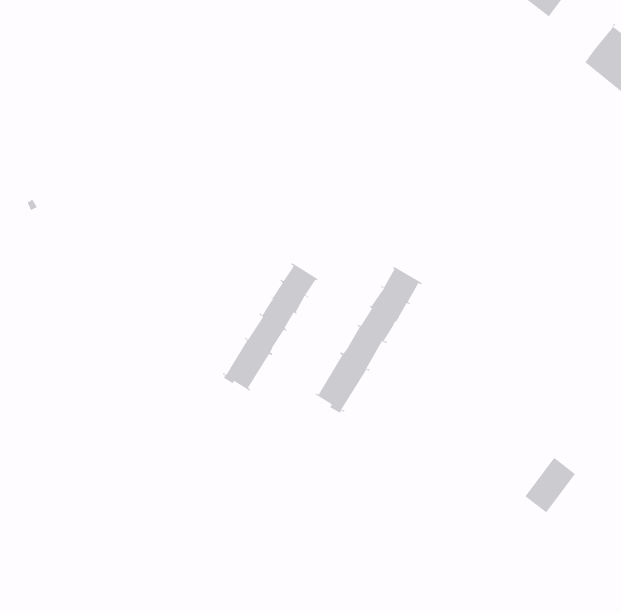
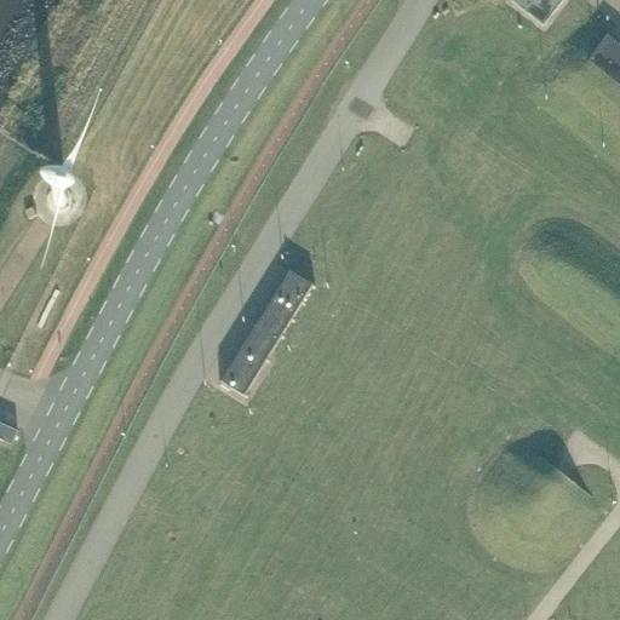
building: [314,266,423,414] -> none

